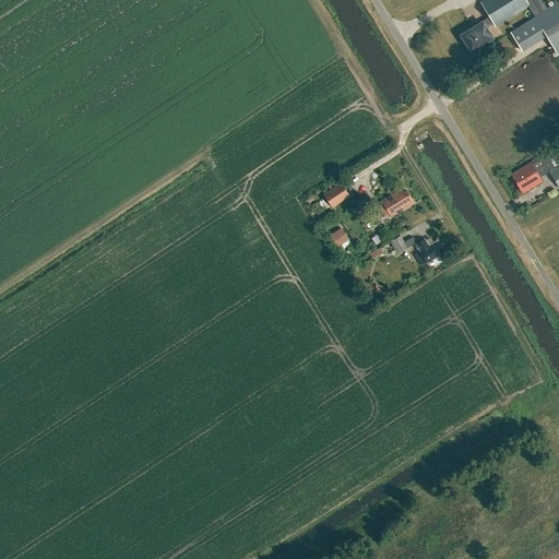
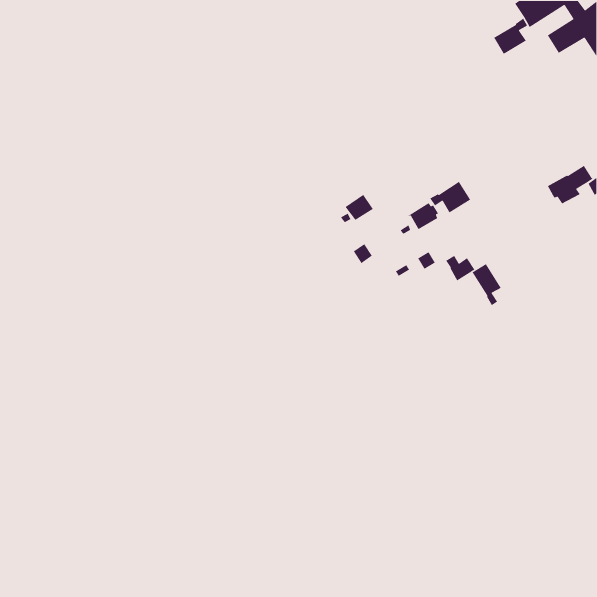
building: none -> [429,181,471,214]
building: none -> [472,263,502,306]

